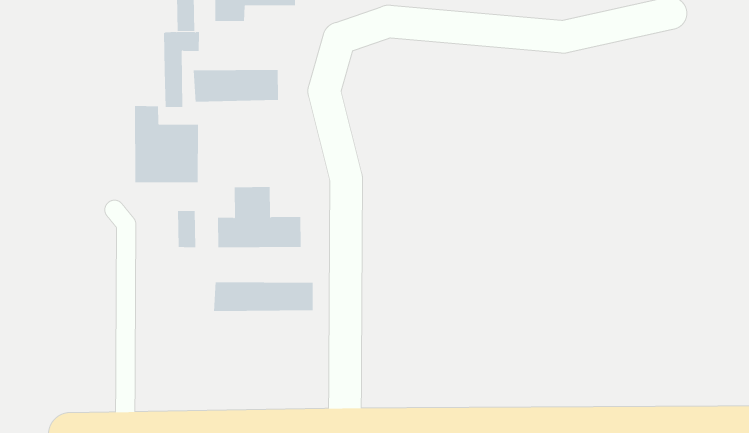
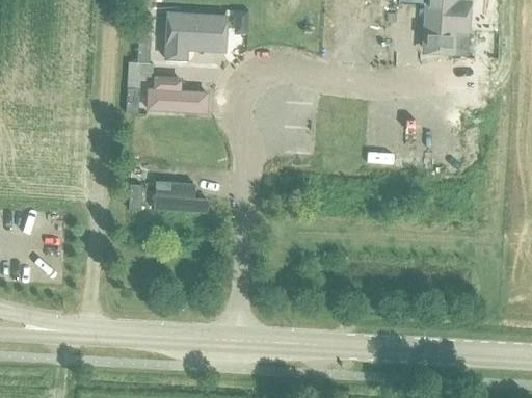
building: [134,105,198,183] -> none
building: [213,282,313,312] -> none

